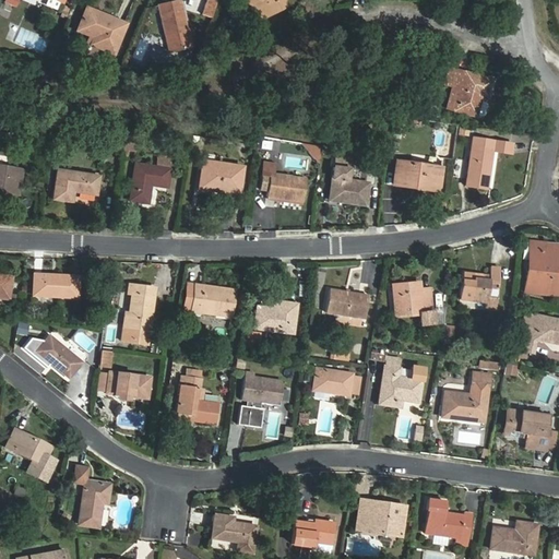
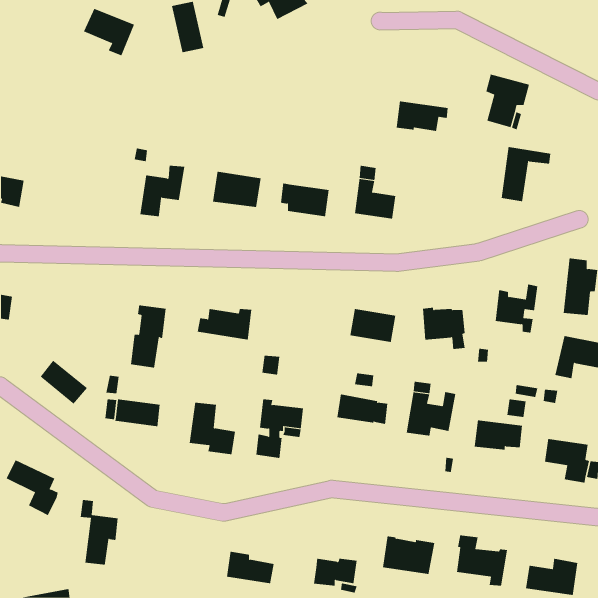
building: [395,159,444,188] -> [396,101,449,131]
building: [53,169,99,201] -> none
building: [34,273,80,297] -> none
building: [252,300,298,333] -> none

